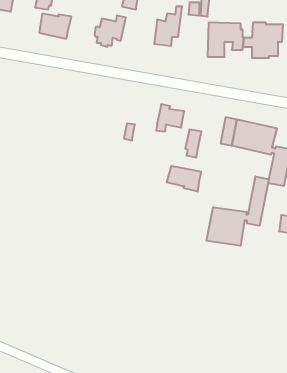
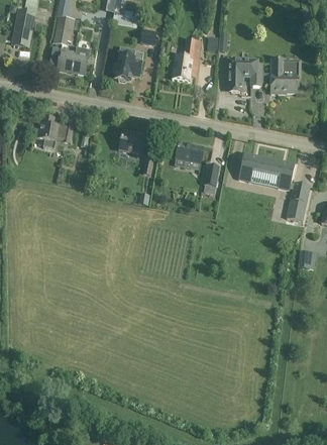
building: none -> [35,114,73,149]
building: none -> [117,129,145,154]
building: [167,166,201,192] -> none
building: [207,176,269,246] -> none

